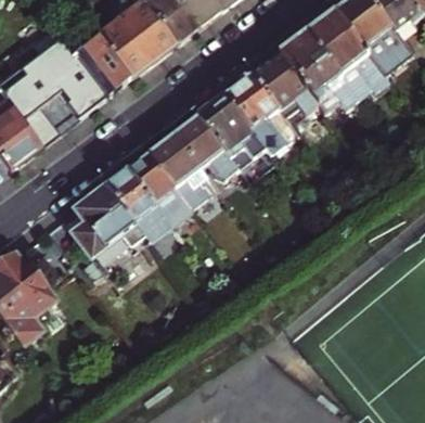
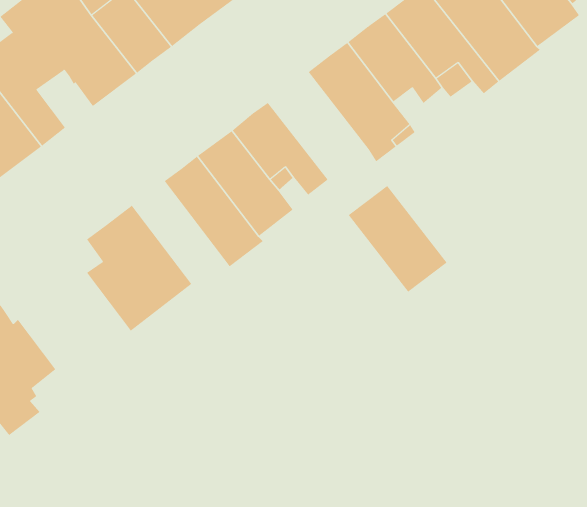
building: [199,91,268,165] -> [348,185,448,293]
building: [106,166,172,242] -> none

